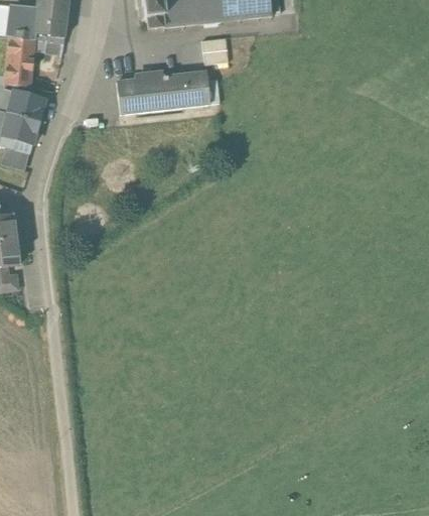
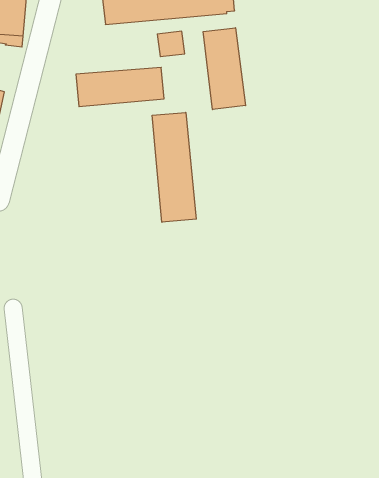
building: none -> [203,28,246,110]
building: none -> [152,112,196,222]

